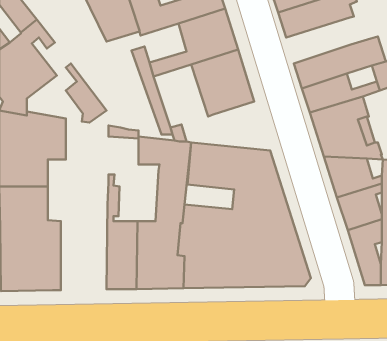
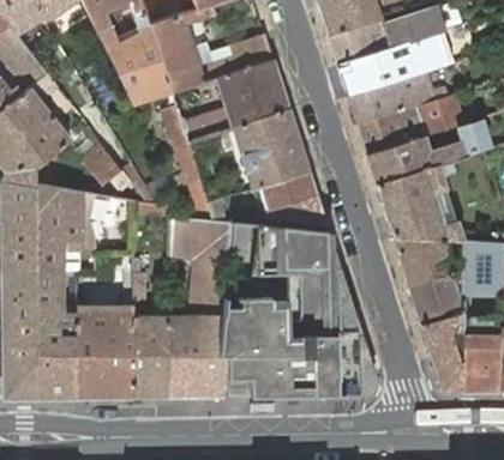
building: none -> [347,71,449,126]
building: none -> [259,171,325,224]
building: none -> [76,295,132,398]

